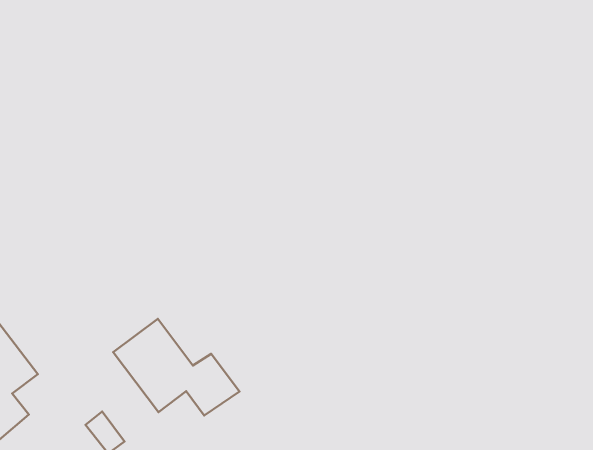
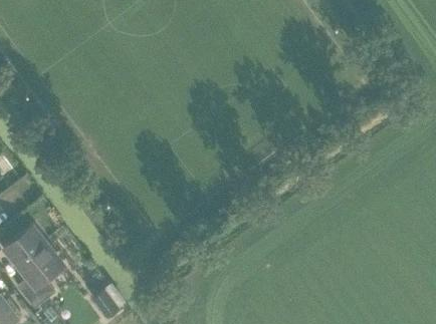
building: [113,319,240,415] -> none

